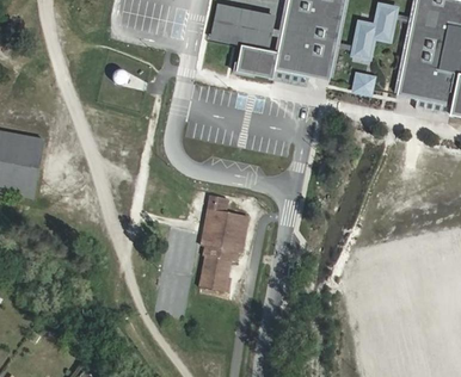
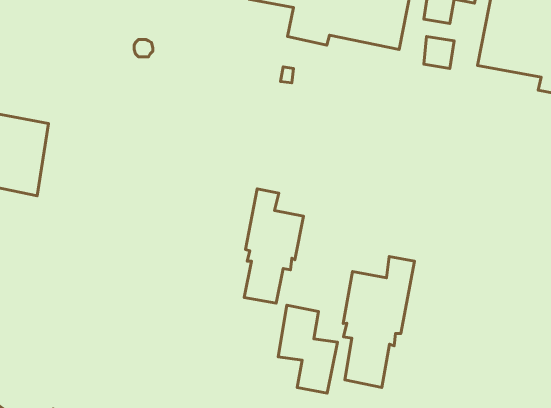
building: none -> [343,256,415,387]
building: none -> [278,305,338,393]

